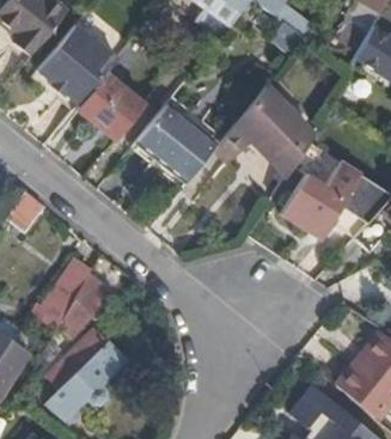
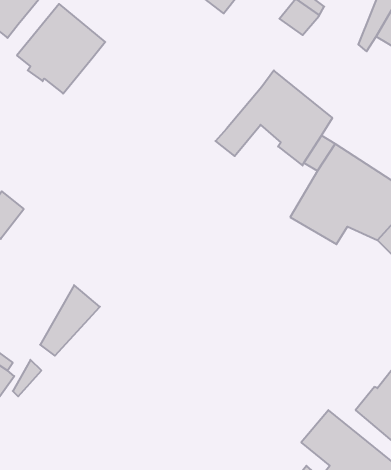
building: [74,73,143,140] -> none
building: [135,96,222,179] -> none
building: [36,263,88,327] -> none
building: [44,329,123,419] -> none

